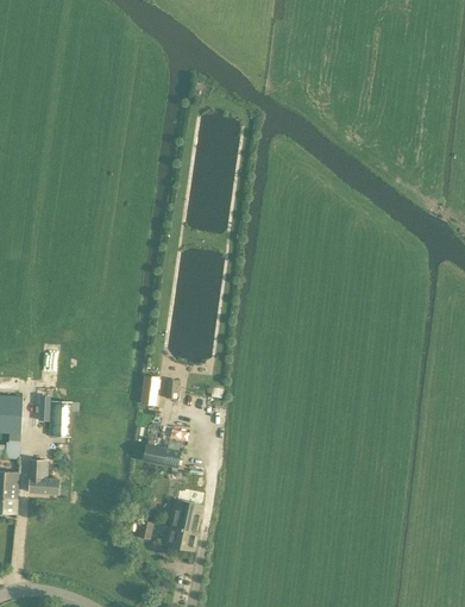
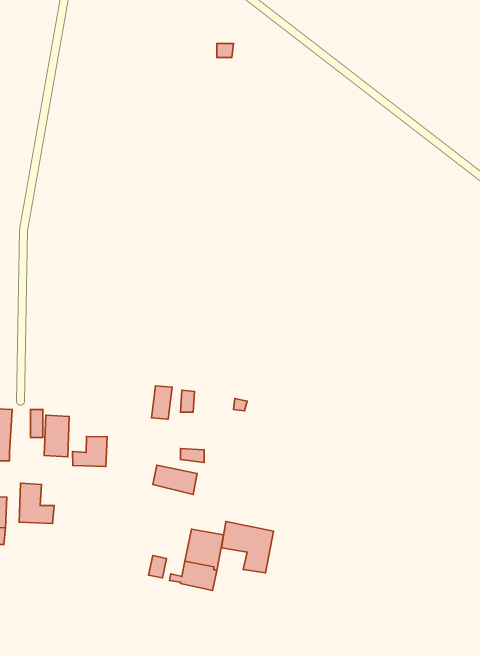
building: none -> [73,437,107,467]
building: none -> [221,522,274,573]

